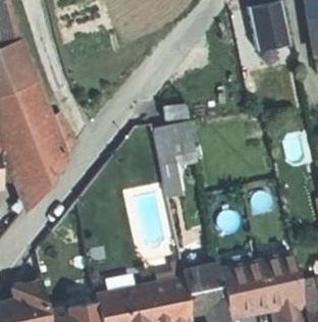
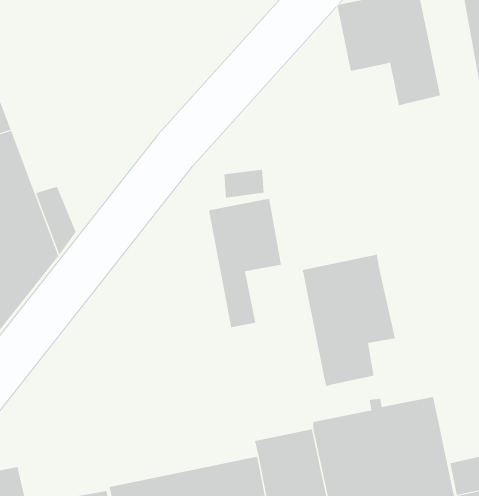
building: none -> [302,254,395,387]

